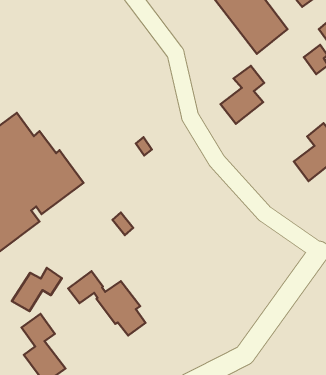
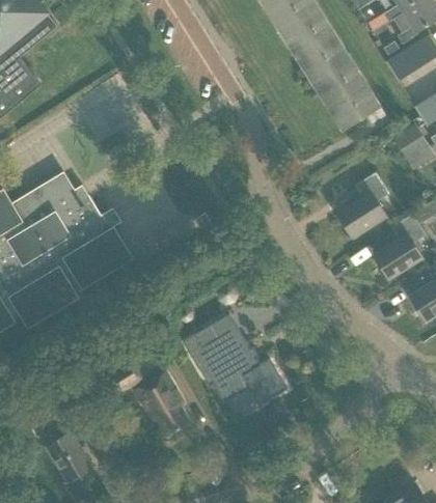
building: [220,66,264,124] -> [336,173,388,237]
building: none -> [183,314,288,404]
building: [12,268,62,311] -> none

